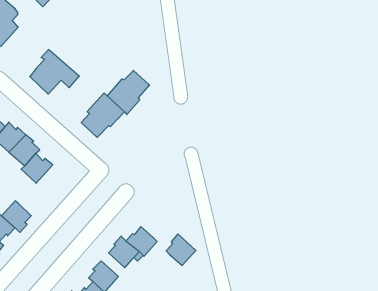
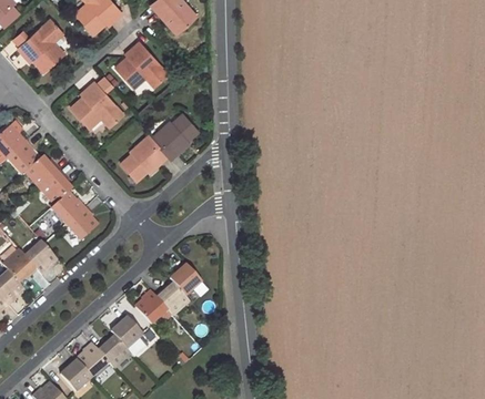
building: none -> [114,41,168,88]
building: none -> [64,205,98,241]
building: [166,234,196,265] -> [169,260,201,295]

